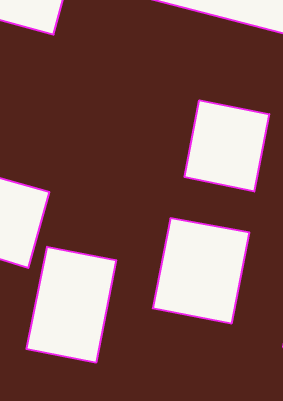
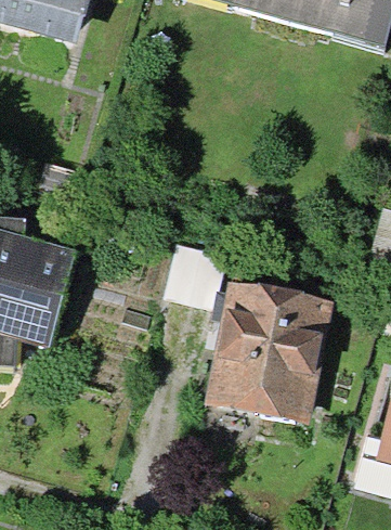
building: [185,100,269,192] -> none
building: [26,247,116,363] -> none

